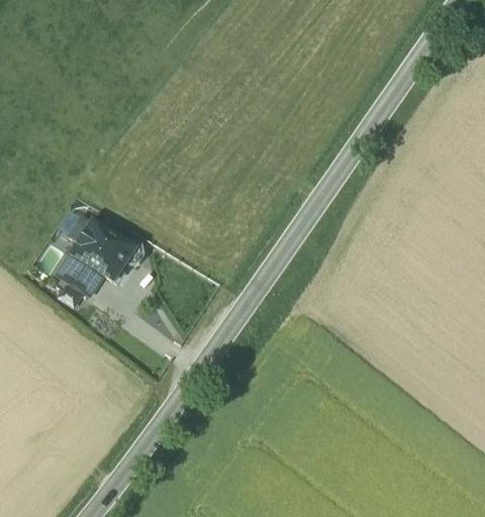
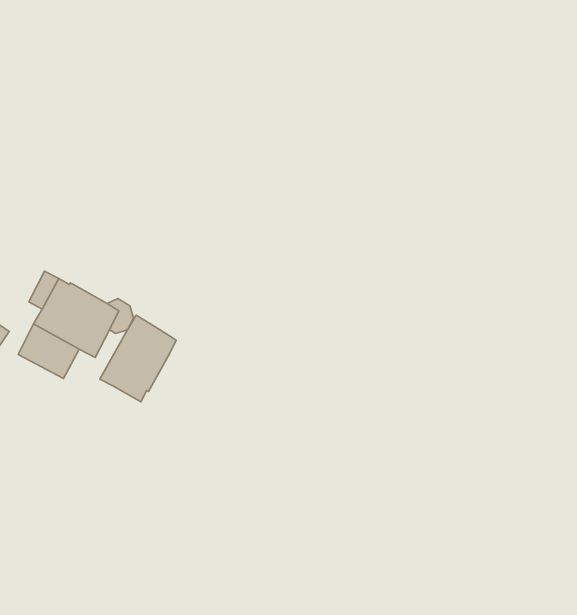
building: none -> [100,315,176,402]

